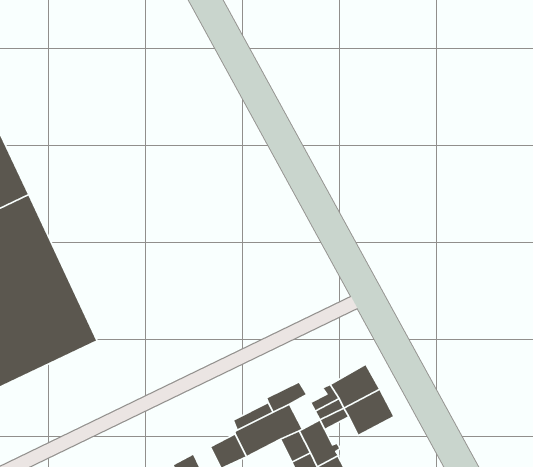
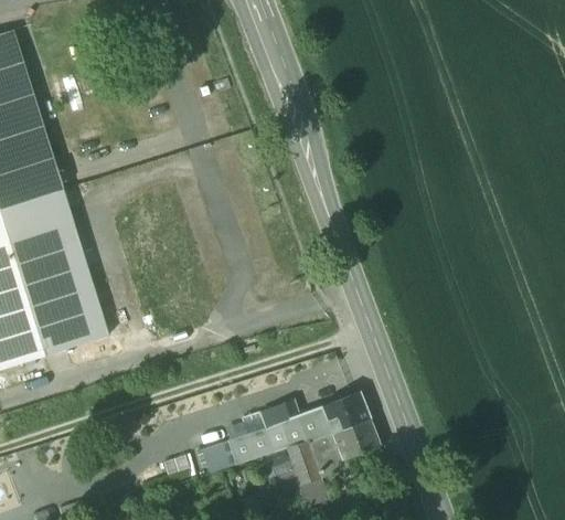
building: none -> [281,408,318,445]

